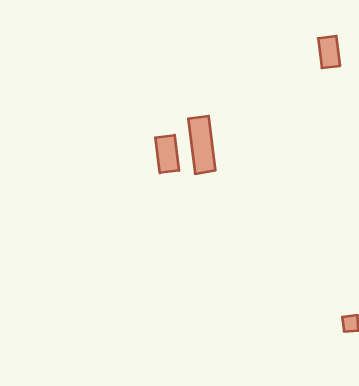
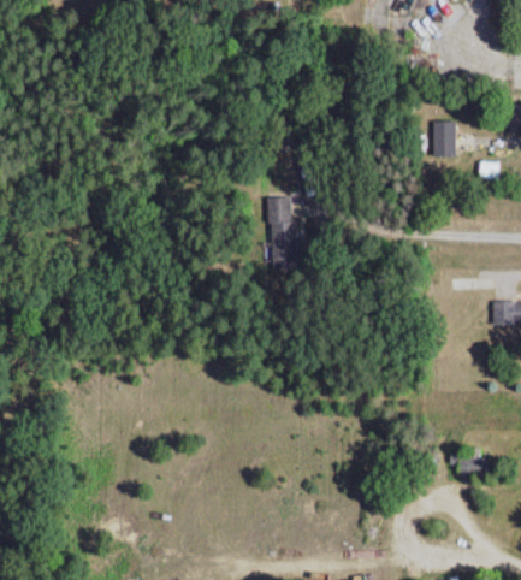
building: [155,135,179,173] -> none

